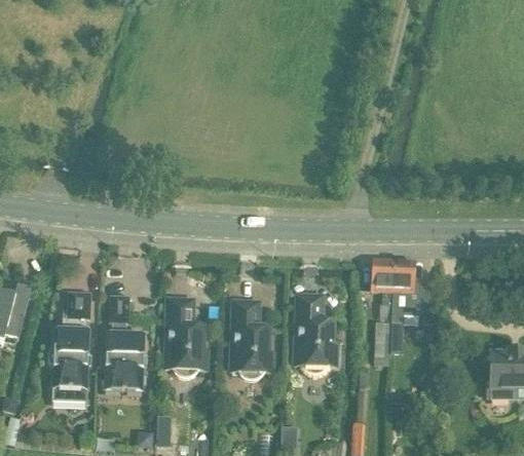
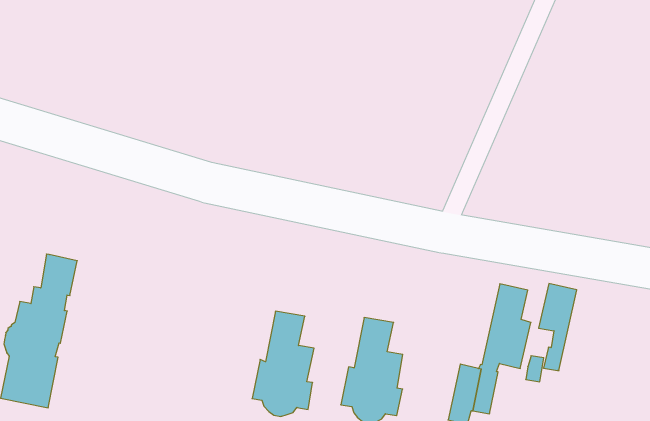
building: [371,256,394,316] -> [539,284,577,371]
building: [105,293,147,387] -> none
building: [165,300,207,375] -> none

